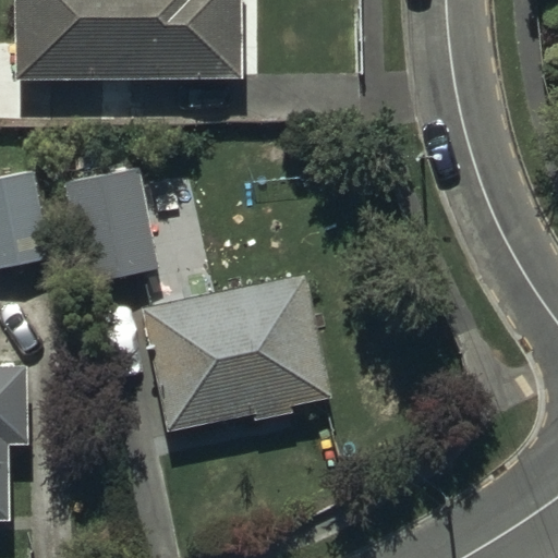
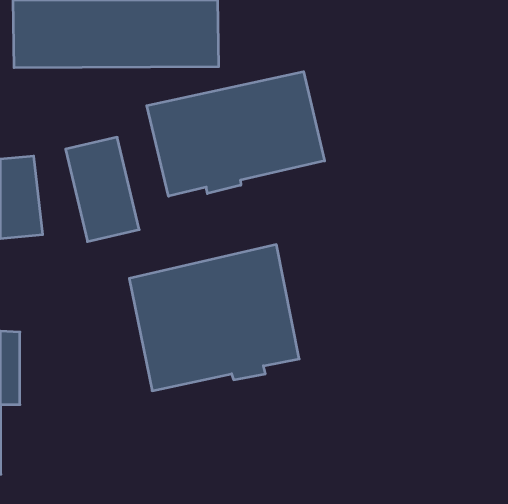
building: none -> [147,72,325,196]

